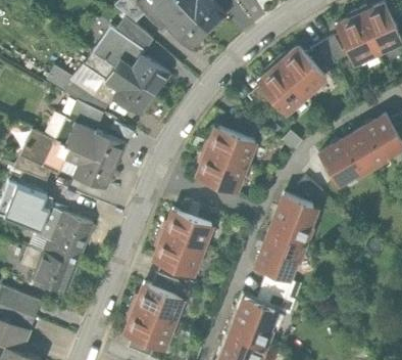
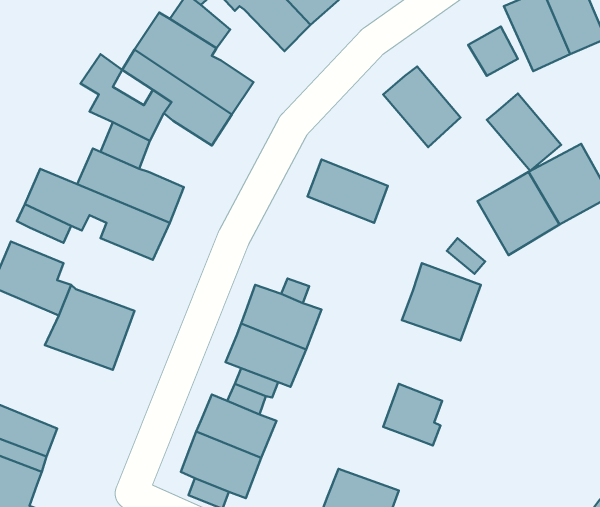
building: [279,45,328,96] -> [487,94,561,171]
building: [196,148,250,190] -> none
building: [256,230,307,278] -> none
building: [21,244,78,294] -> none
building: [227,294,279,343] -> none

